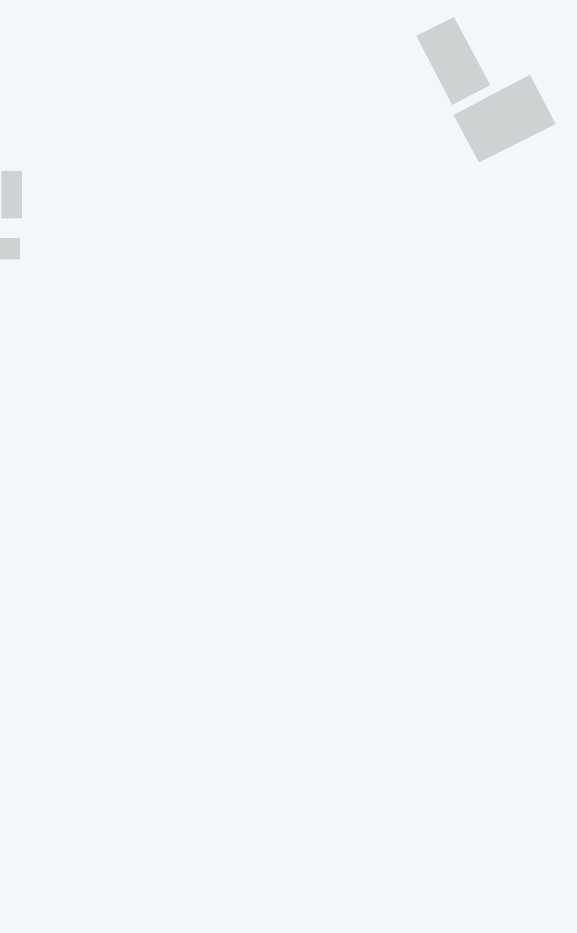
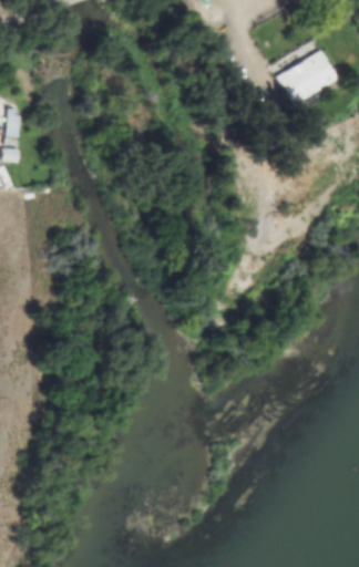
building: [415,16,491,106] -> none

